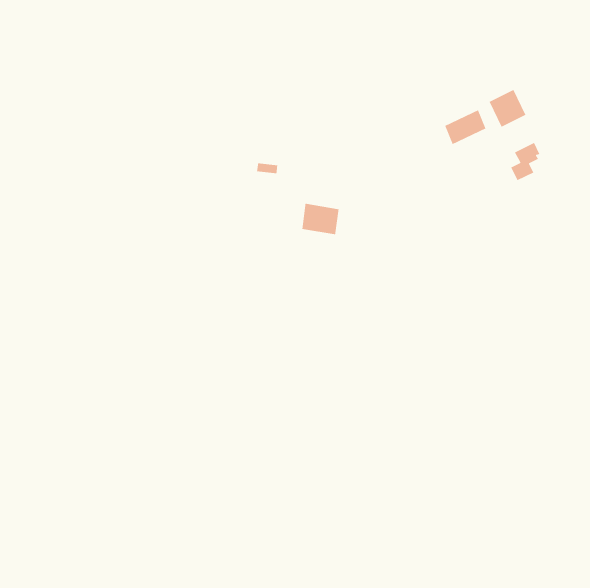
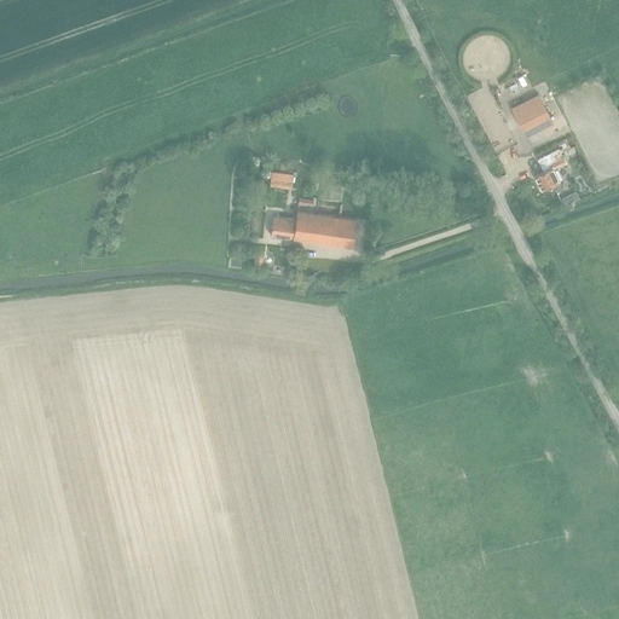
building: [444,109,487,145] -> none
building: none -> [270,212,319,242]

